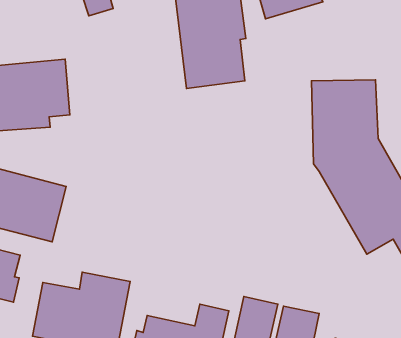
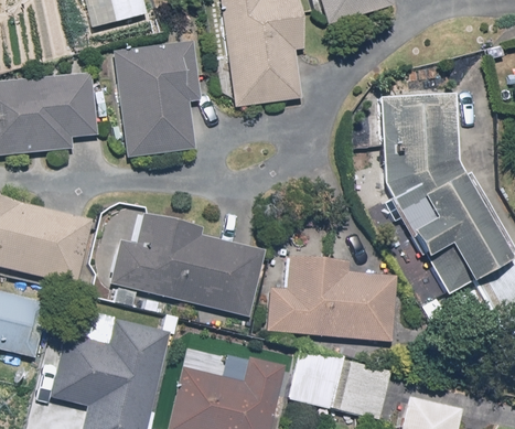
building: none -> [116,43,202,153]
building: none -> [111,212,267,318]
building: none -> [267,258,393,339]

